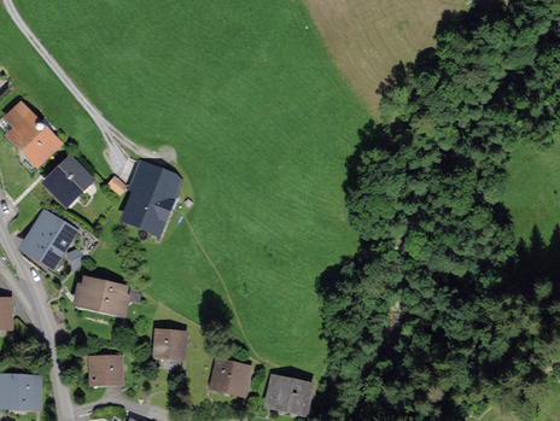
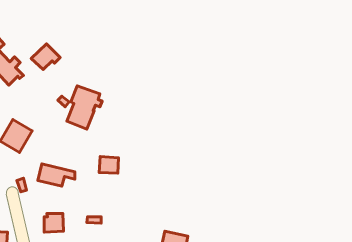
building: [49,163,93,201] -> [31,44,60,70]
building: [156,332,185,357] -> [99,156,119,173]
building: [214,362,247,391] -> none

